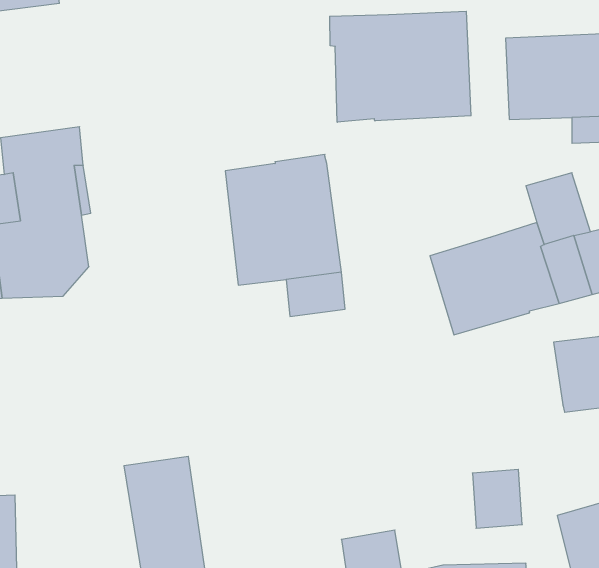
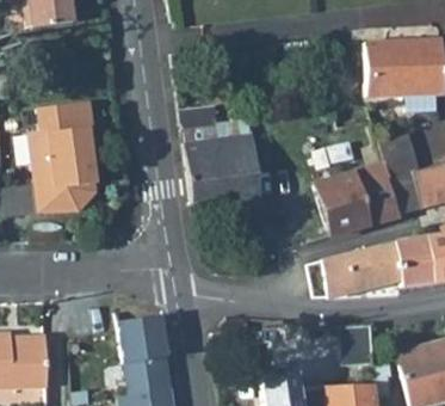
building: [330,11,471,122] -> none
building: none -> [323,240,402,296]

